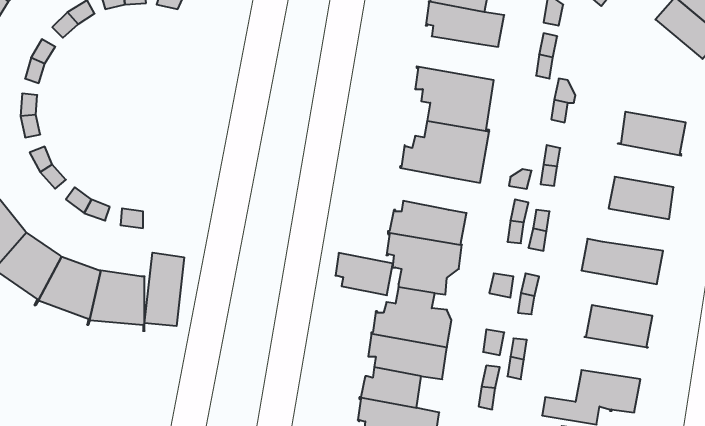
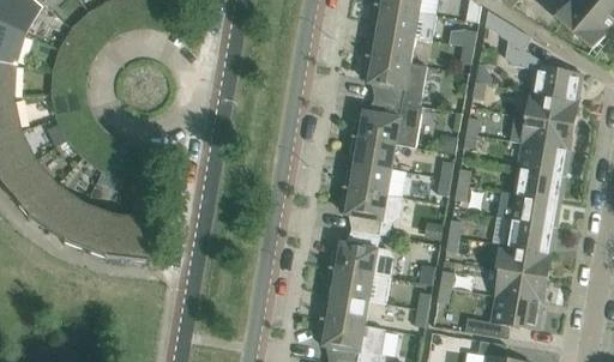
building: none -> [486,10,583,99]
building: none -> [366,31,427,66]
building: none -> [510,115,576,151]
building: none -> [513,168,566,201]
building: [145,253,184,326] -> none
building: [335,253,393,295] -> [350,135,396,169]
building: none -> [505,219,556,253]
building: none -> [496,270,549,303]

